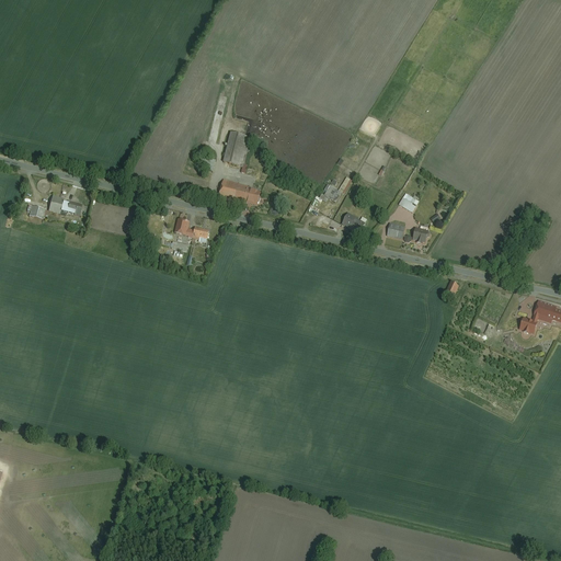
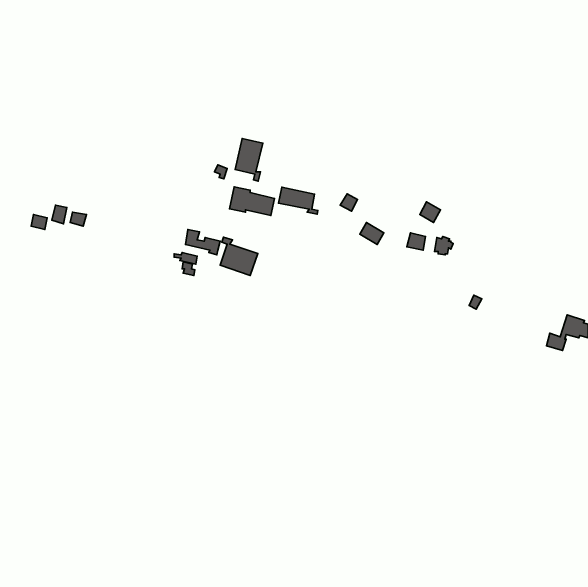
building: none -> [278,187,318,214]
building: none -> [220,237,258,276]

